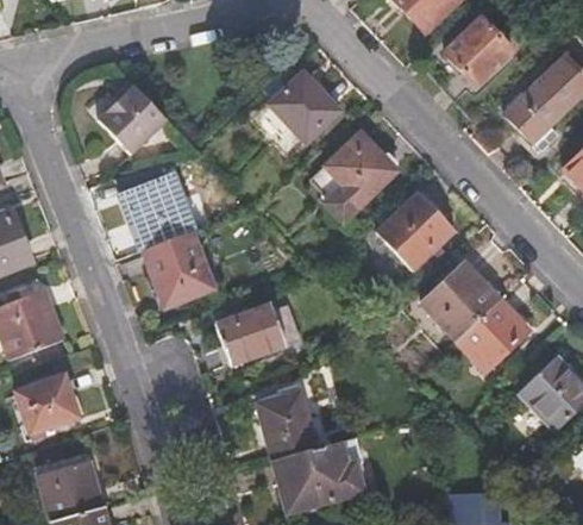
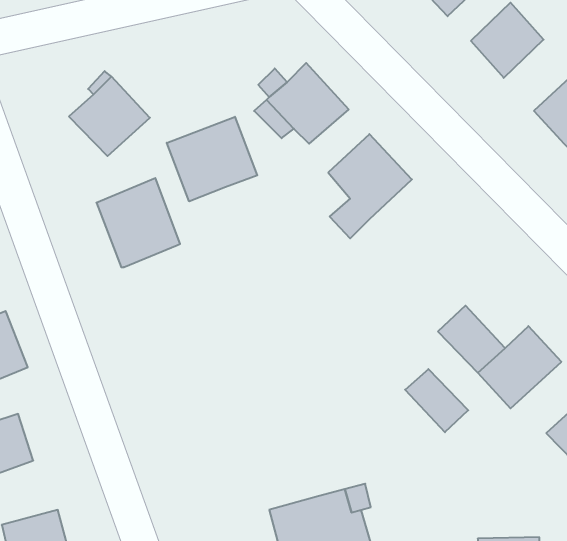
building: none -> [167,117,257,201]
building: [378,195,455,271] -> none
building: [148,230,215,304] -> none
building: [444,264,499,319] -> [405,369,468,432]
building: [217,304,297,363] -> none
building: [258,389,316,460] -> none

